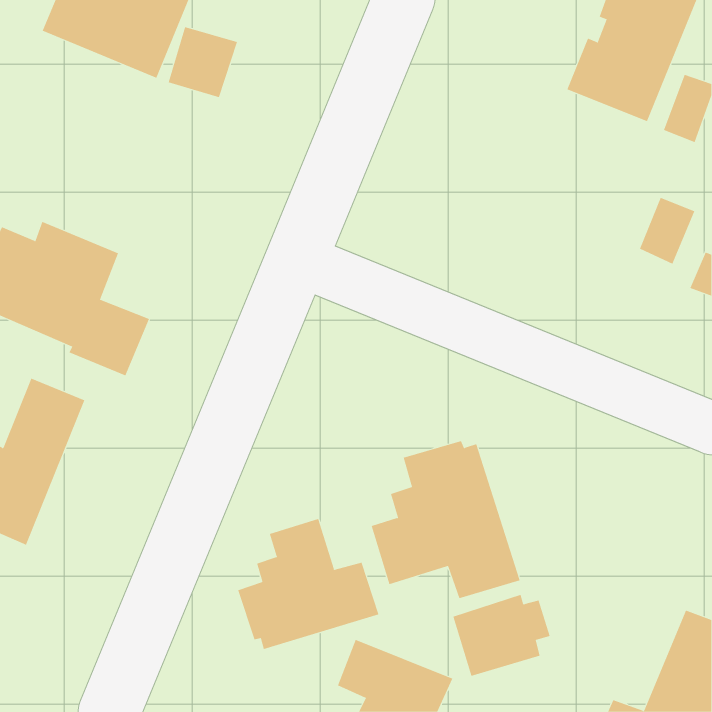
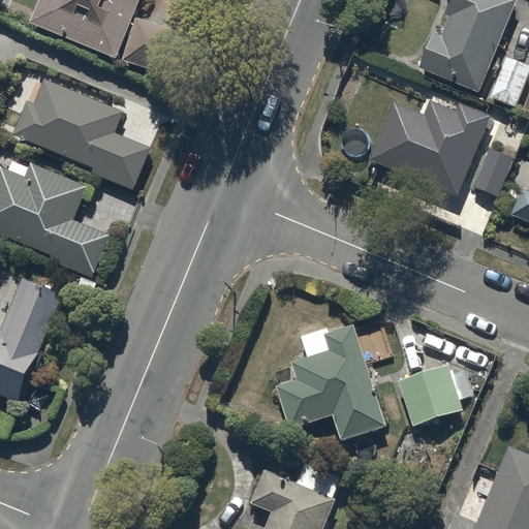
building: none -> [13,80,152,190]
building: none -> [368,97,491,193]
building: [237,518,379,650] -> none
building: [453,594,550,677] -> [399,363,471,424]

